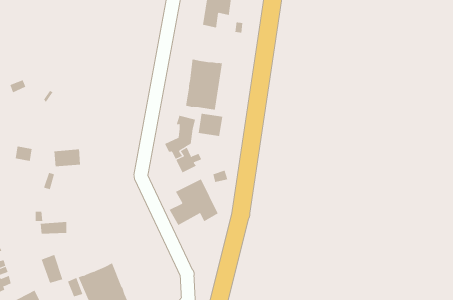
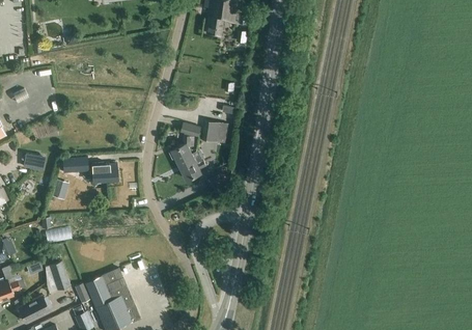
building: [186,58,223,111] -> none
building: none -> [91,162,117,181]
building: [169,179,218,226] -> none

